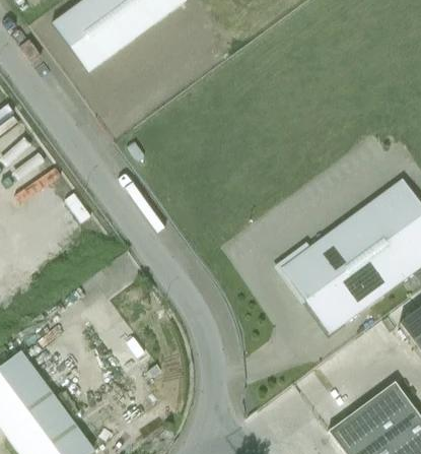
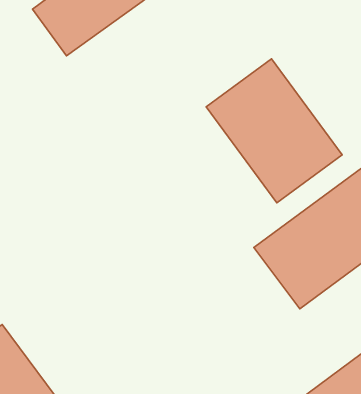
building: none -> [206,59,342,203]

